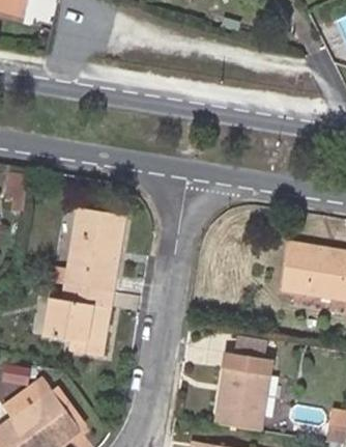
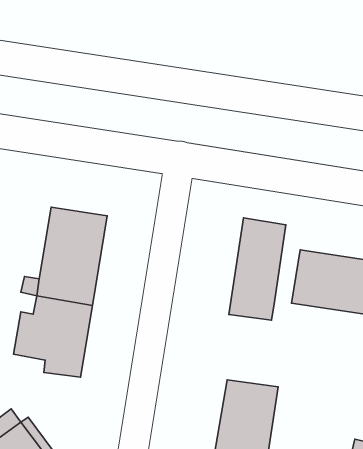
building: none -> [229,218,286,320]

